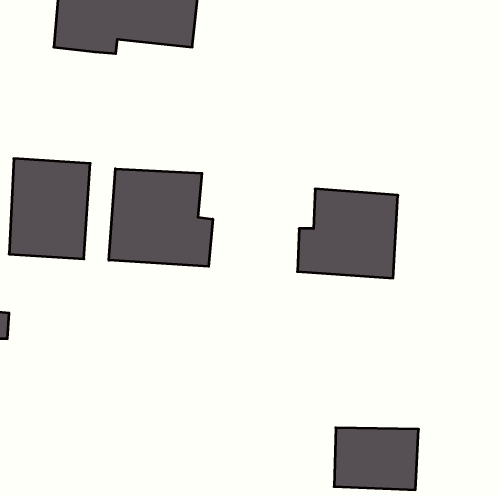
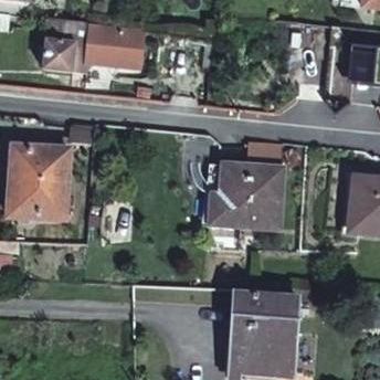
building: [109,169,213,266] -> none
building: none -> [238,294,296,332]

